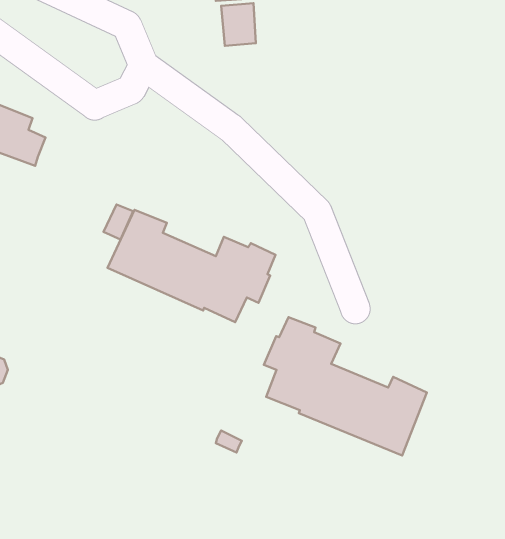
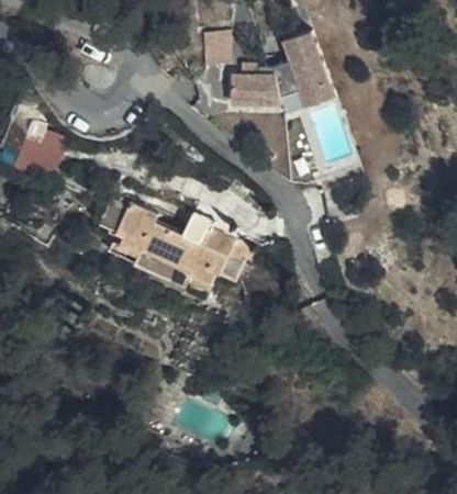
building: none -> [231,32,333,109]
building: [264,317,427,456] -> none

